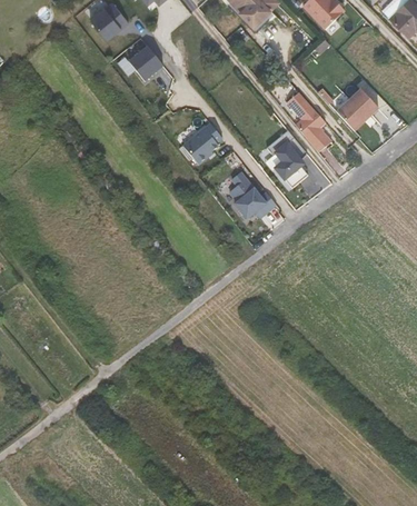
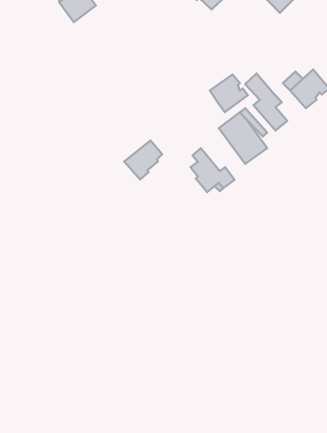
building: [128,46,162,80] -> none
building: none -> [210,74,248,112]
building: [182,123,222,165] -> [124,141,162,179]

